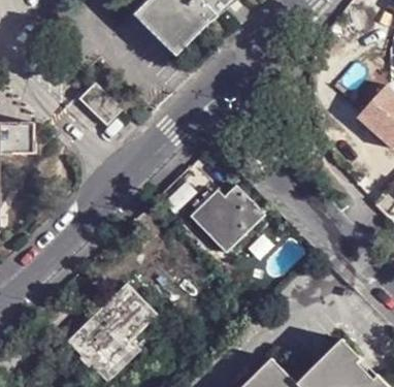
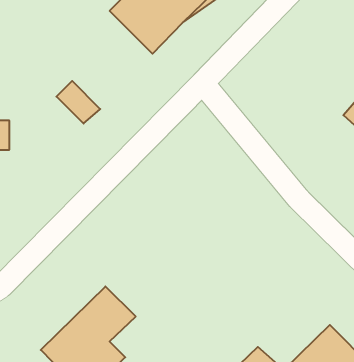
building: [193,187,267,254] -> none

